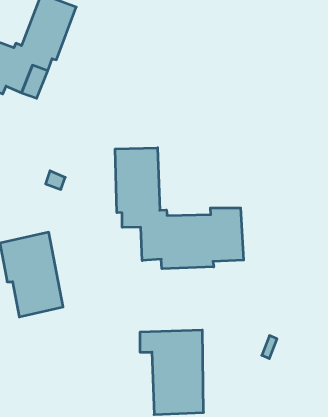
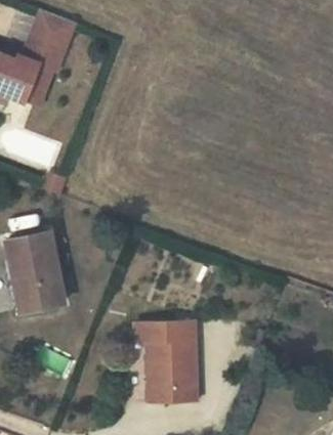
building: [115,148,244,269] -> none

